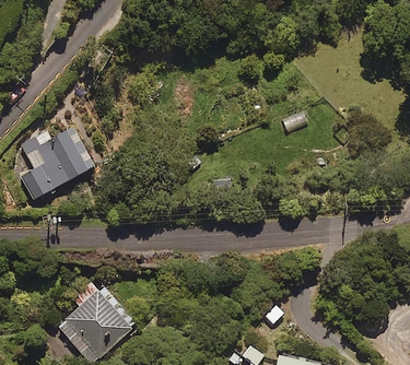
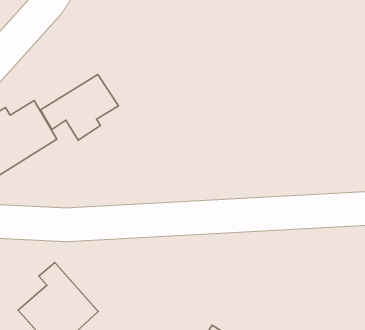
building: none -> [40,74,118,140]

